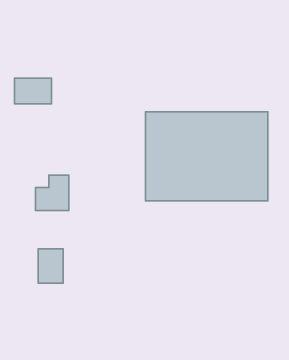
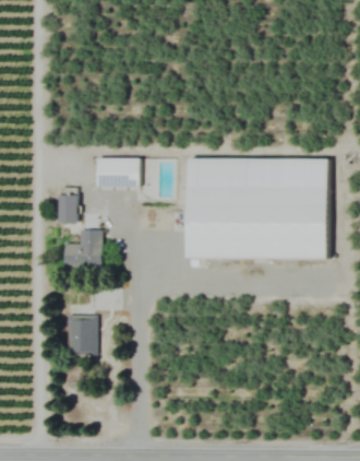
building: [14,78,52,104] -> [96,157,139,187]
building: none -> [59,193,77,223]

